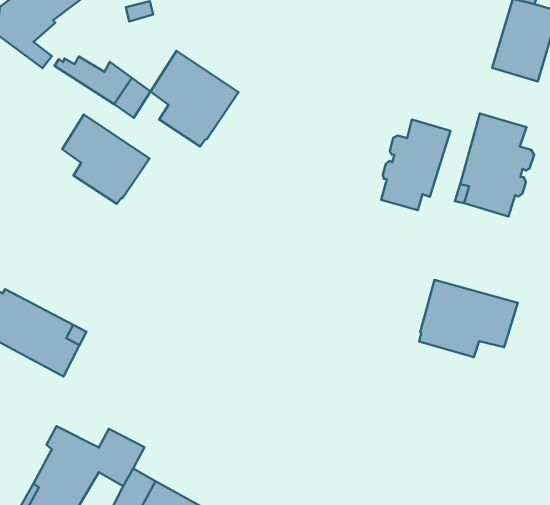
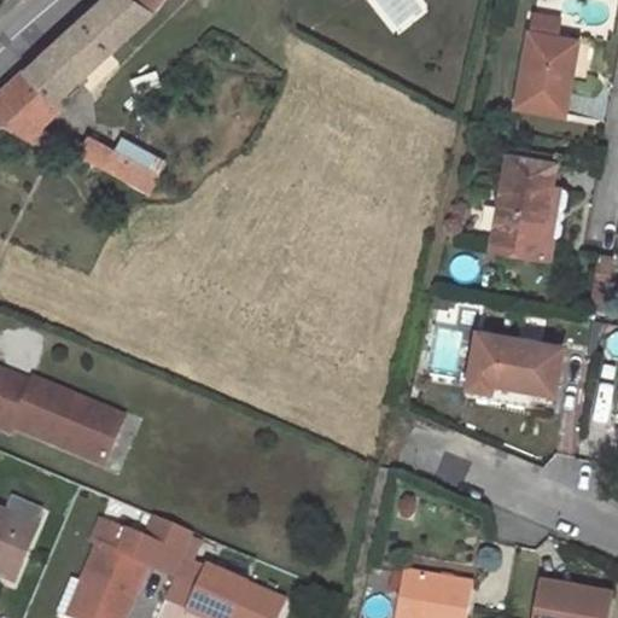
building: [150,51,239,146] -> none
building: [62,115,149,204] -> none
building: [381,120,451,210] -> none

